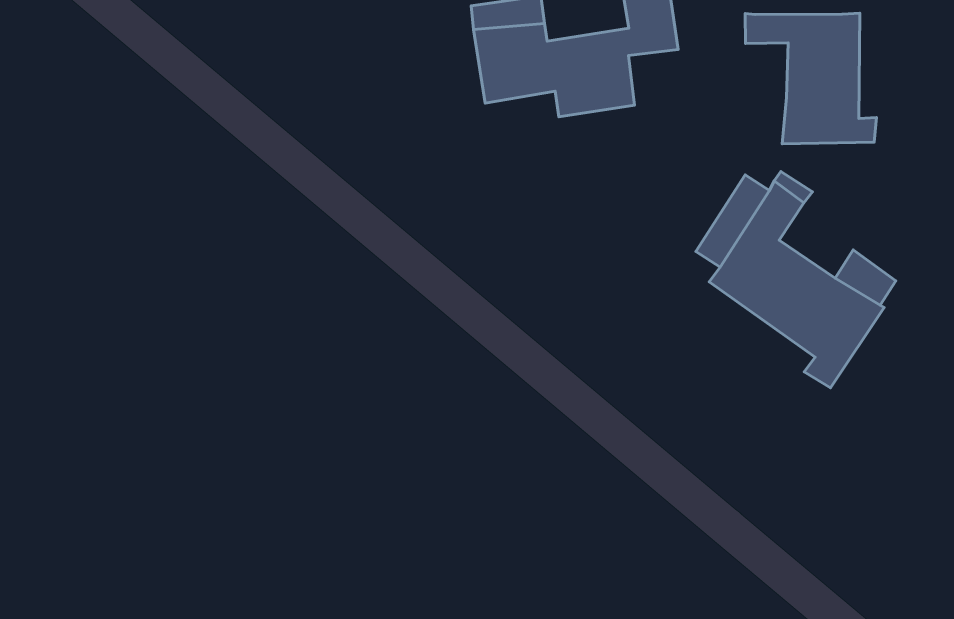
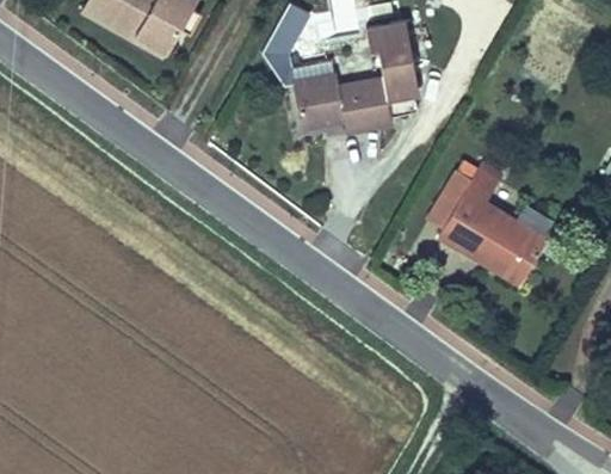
building: [745,13,877,144] -> none

